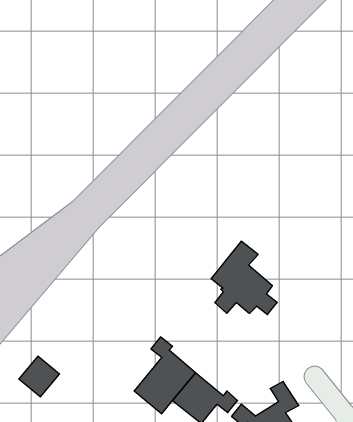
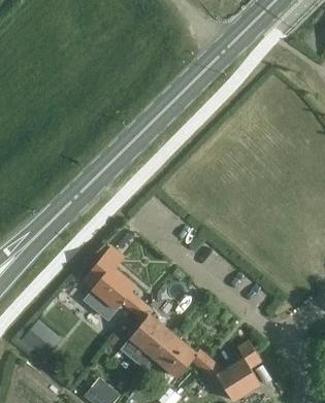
building: [211,241,277,315] -> [84,247,140,310]

